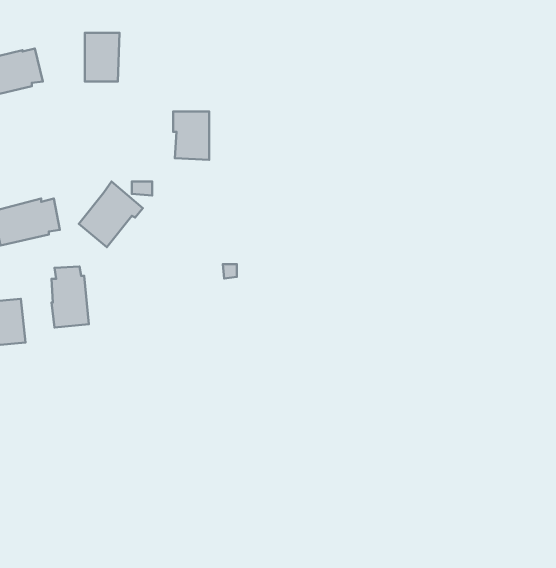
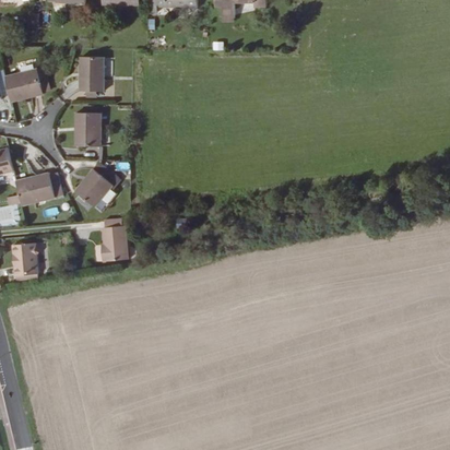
building: [173,111,209,160] -> [74,112,99,146]
building: [51,266,89,327] -> [100,218,127,261]

